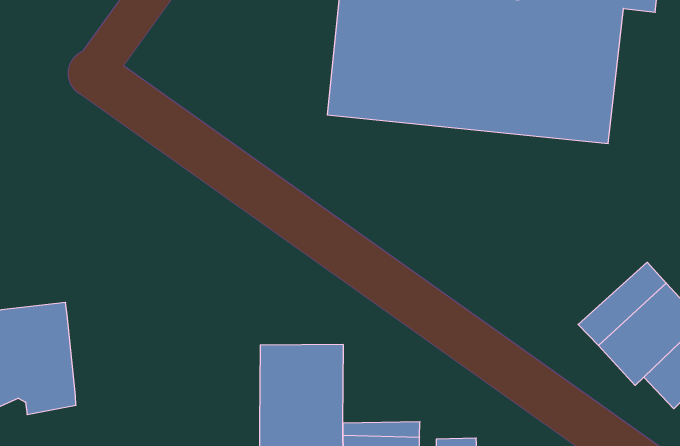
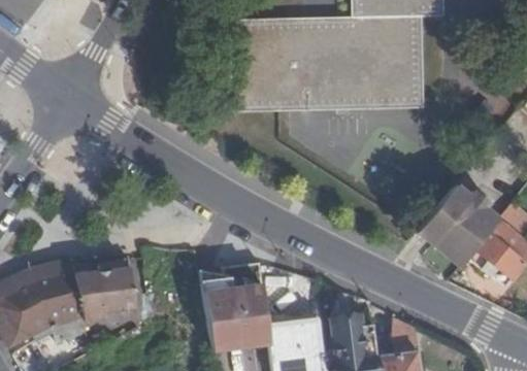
building: none -> [74,259,137,321]

